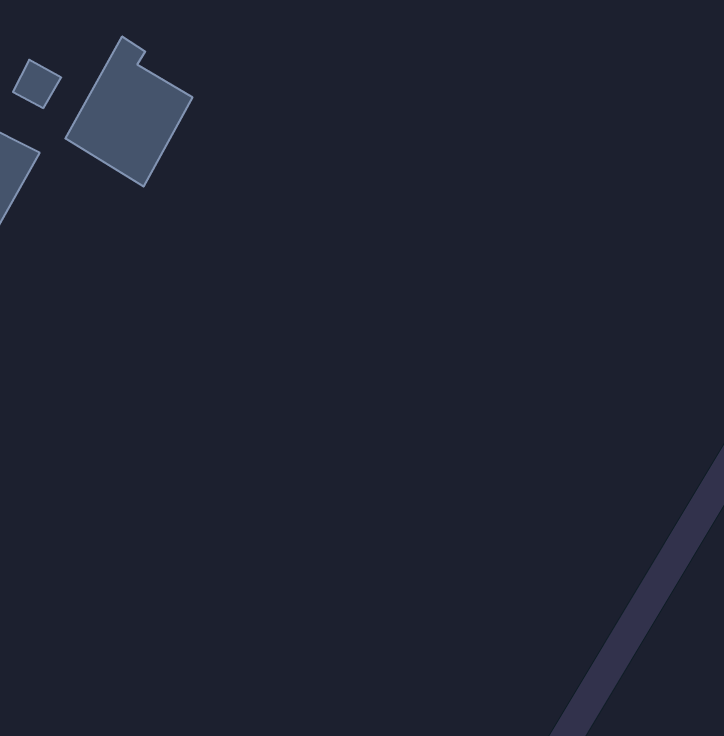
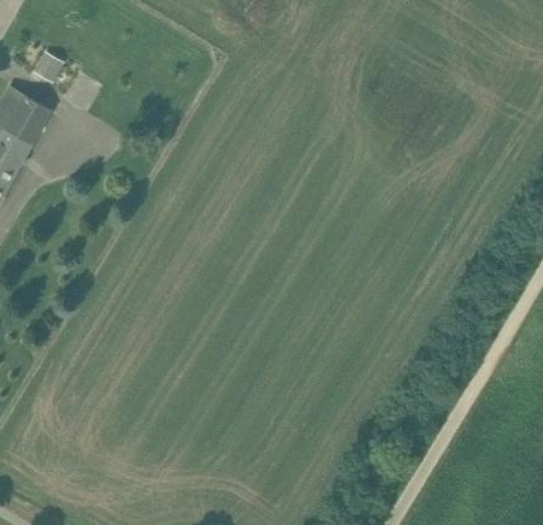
building: [65,36,192,187] -> none

